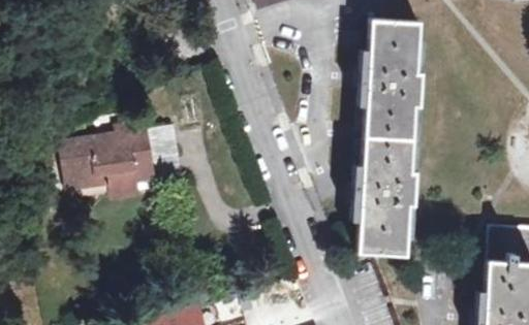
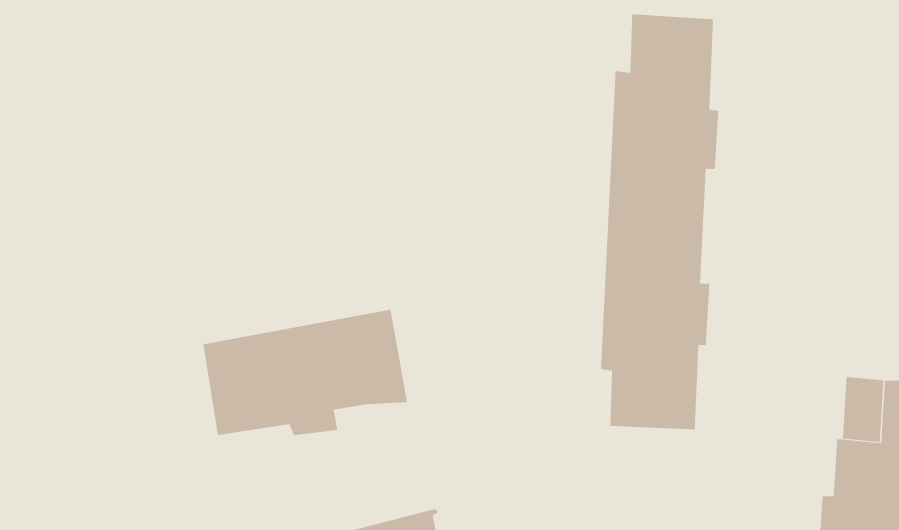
building: [66,123,182,194] -> [203,309,408,436]

